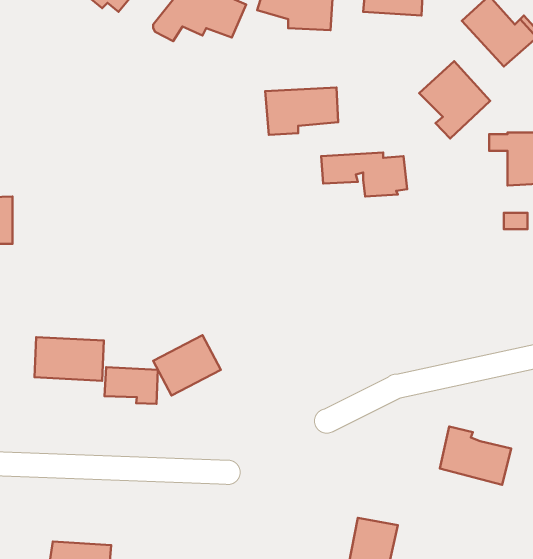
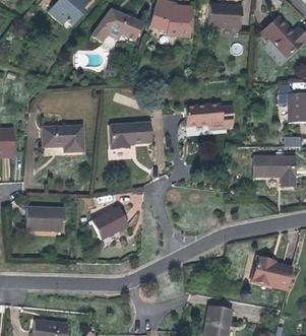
building: [419,61,490,139] -> none
building: [265,87,338,135] -> [110,123,150,149]
building: none -> [42,126,83,152]
building: none -> [253,156,295,187]
building: [105,367,158,404] -> none

